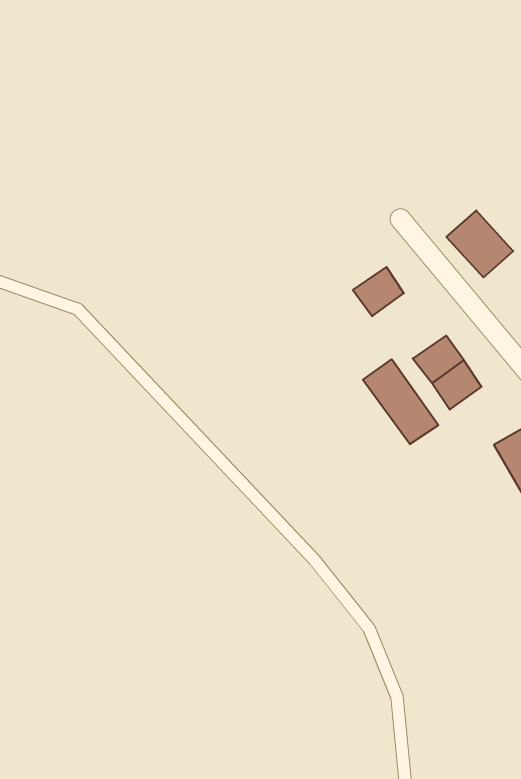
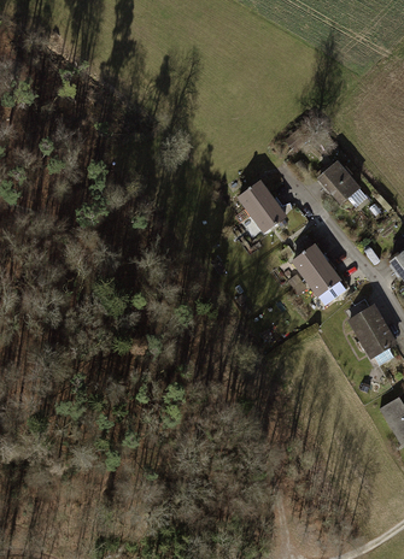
building: none -> [239,180,274,213]
building: [363,359,438,444] -> none

